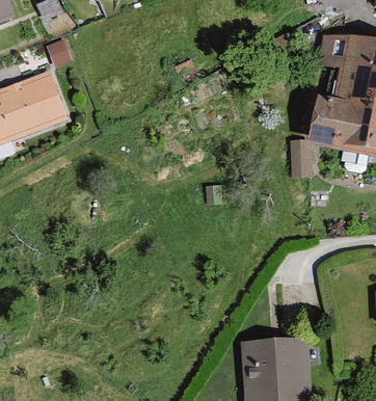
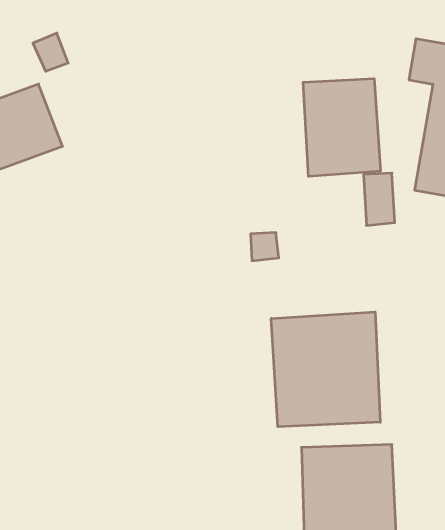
building: none -> [303,79,380,176]
building: none -> [271,312,380,427]

